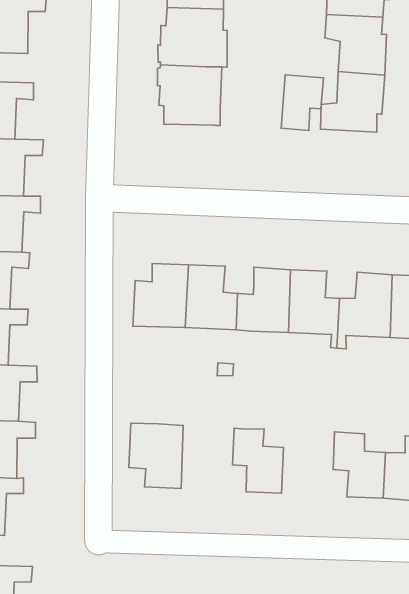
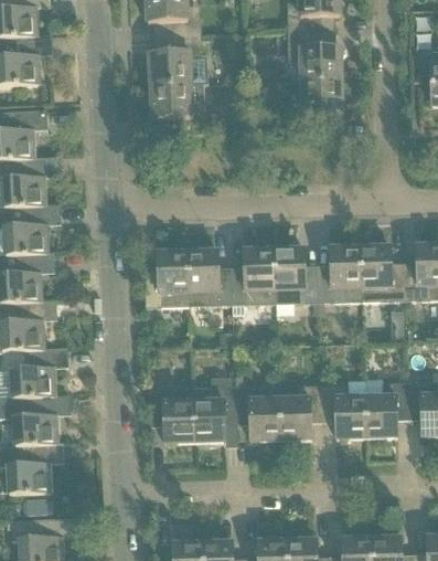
building: [281,75,323,131] -> none
building: none -> [193,388,237,442]
building: none -> [279,384,322,440]

